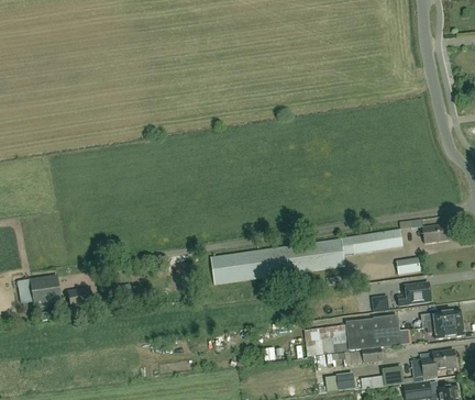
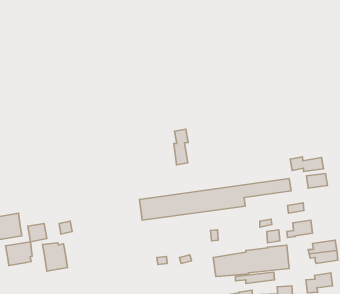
building: none -> [174,129,188,165]
building: none -> [290,157,323,171]
building: none -> [5,242,32,265]
building: none -> [43,243,68,271]

